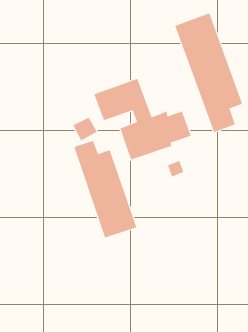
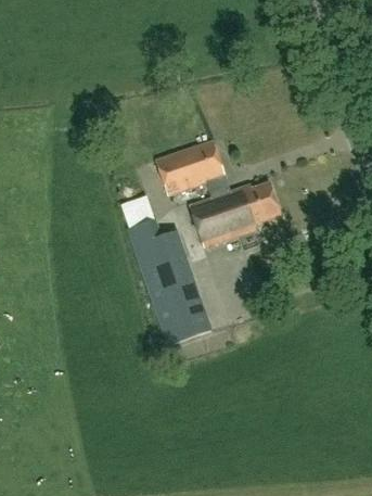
building: [175,12,243,133] -> none

